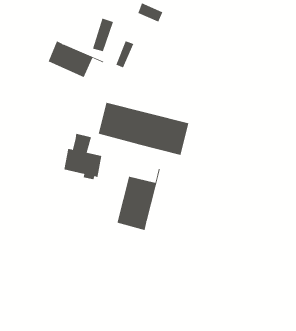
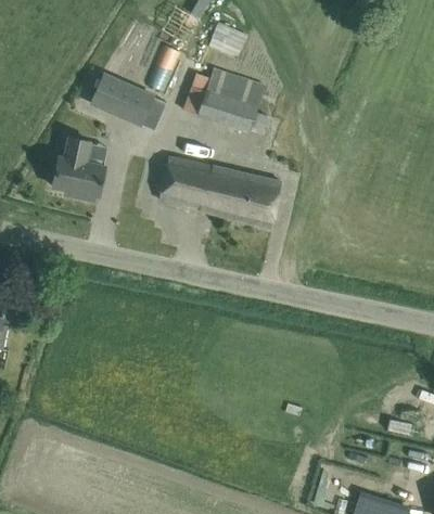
building: none -> [197,68,265,130]
building: [63,133,102,180] -> [52,136,104,198]
building: [117,168,161,231] -> none

